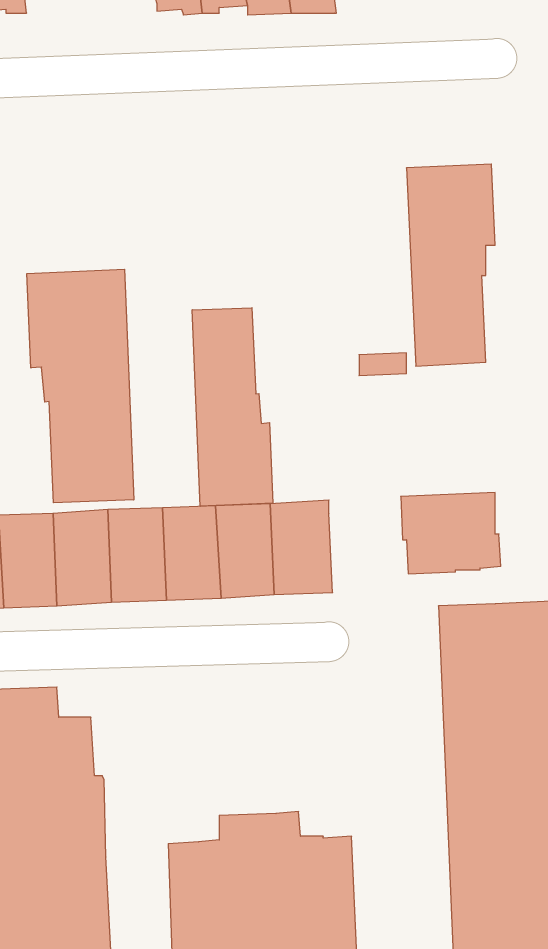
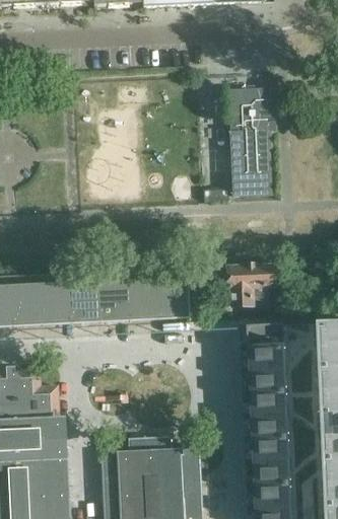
building: [27,269,134,503] -> none
building: [192,308,273,506] -> none

